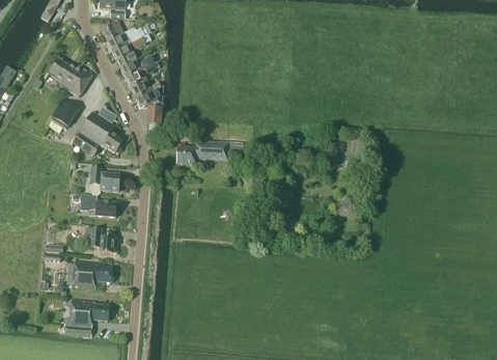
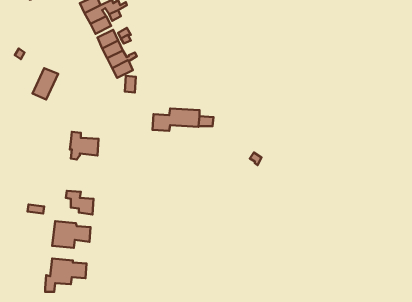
building: [50,59,93,95] -> none
building: [74,111,122,155] -> none
building: [81,193,118,217] -> none

